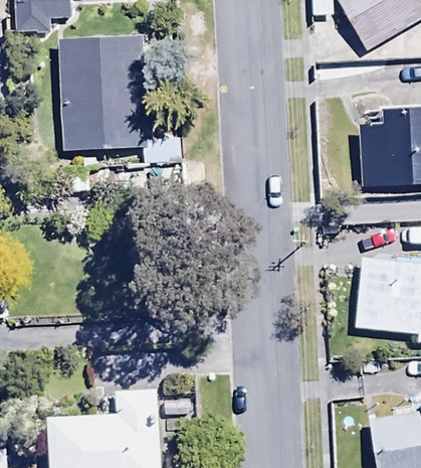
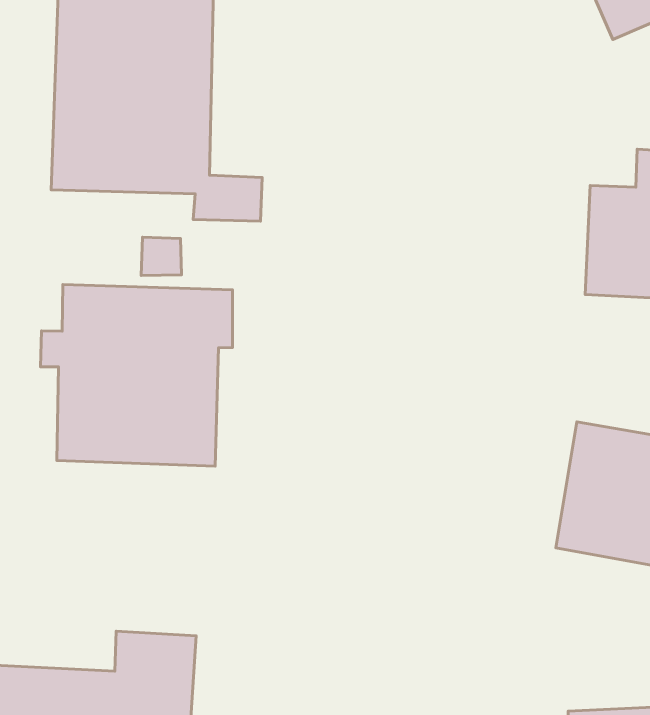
building: none -> [40,285,233,466]

